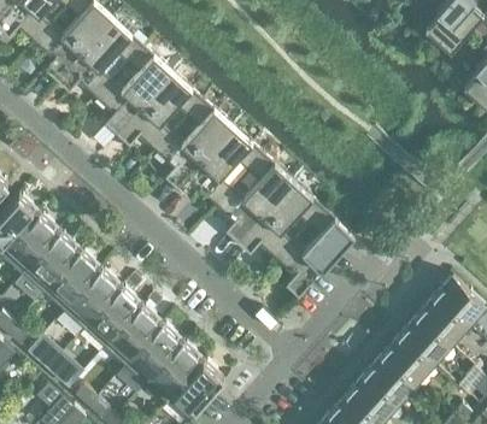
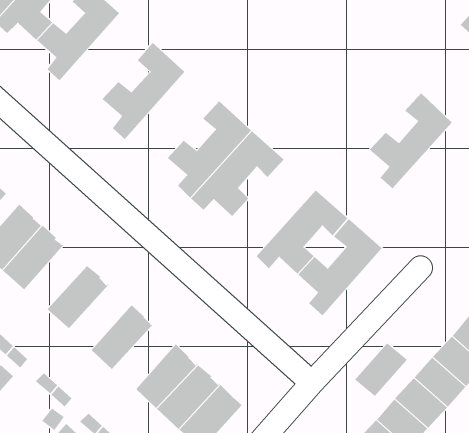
building: [57,18,142,98] -> none
building: [117,72,204,152] -> none
building: [216,153,293,242] -> [369,92,453,189]
building: [24,231,82,292] -> none
building: [65,269,123,329] -> none
building: [105,305,164,365] -> none
building: none -> [354,343,408,397]

